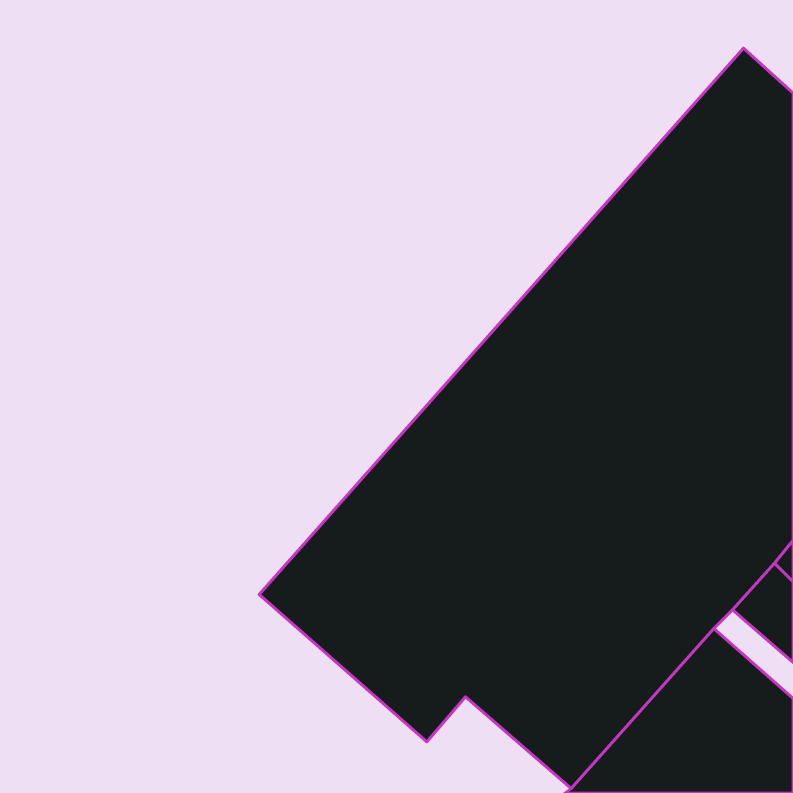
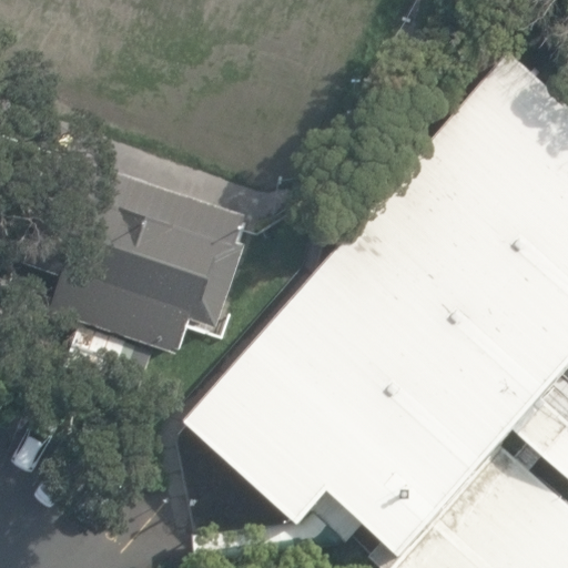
building: none -> [55,169,251,357]

